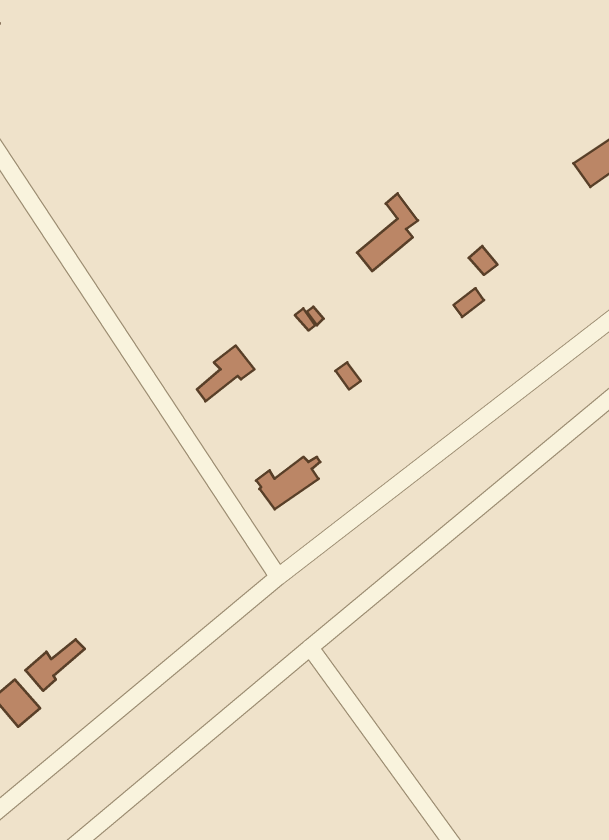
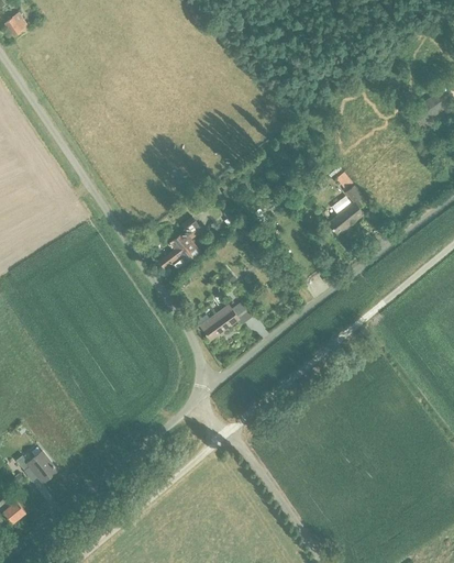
building: [357,193,418,271] -> [326,185,366,235]
building: [25,639,85,691] -> none

